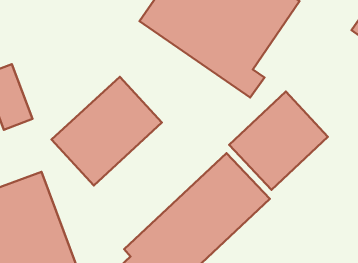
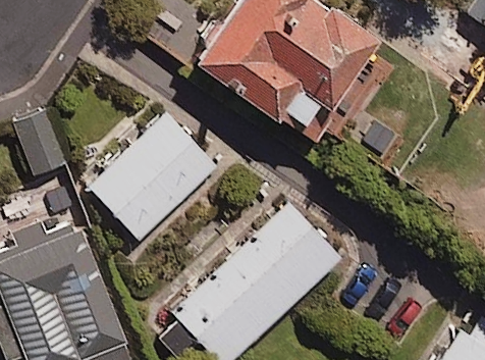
building: [229,92,328,190] -> none

